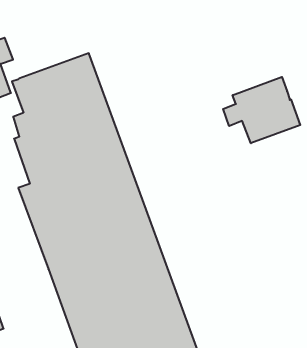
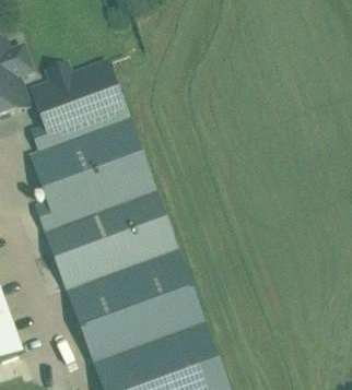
building: [223,77,300,143] -> none

